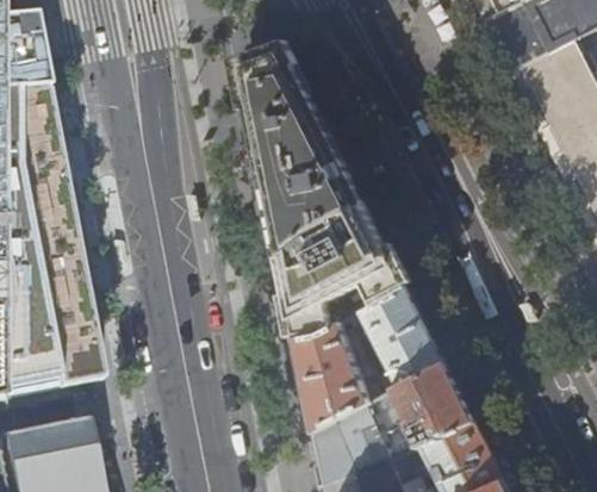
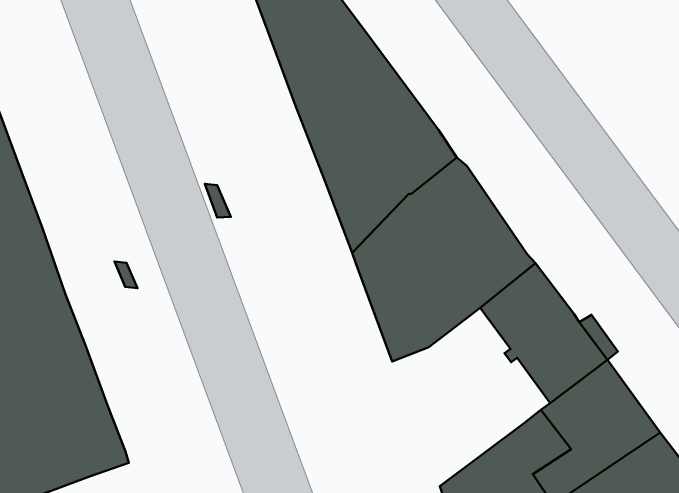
building: [291,324,377,434] -> none

